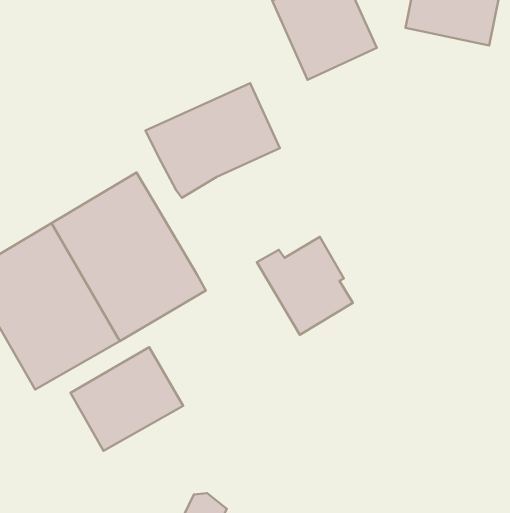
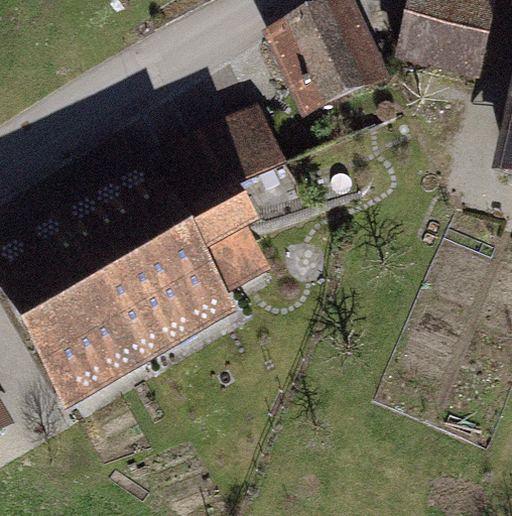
building: [257,237,353,335] -> [178,208,266,297]
building: [70,347,183,451] -> none

